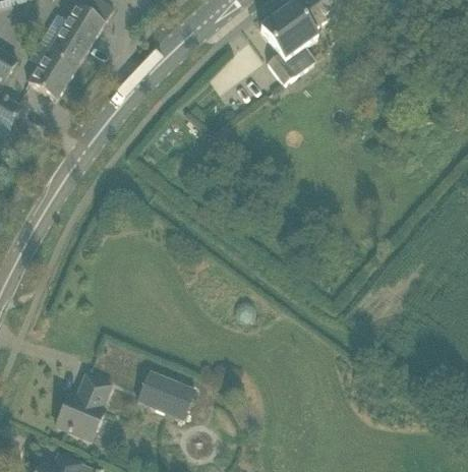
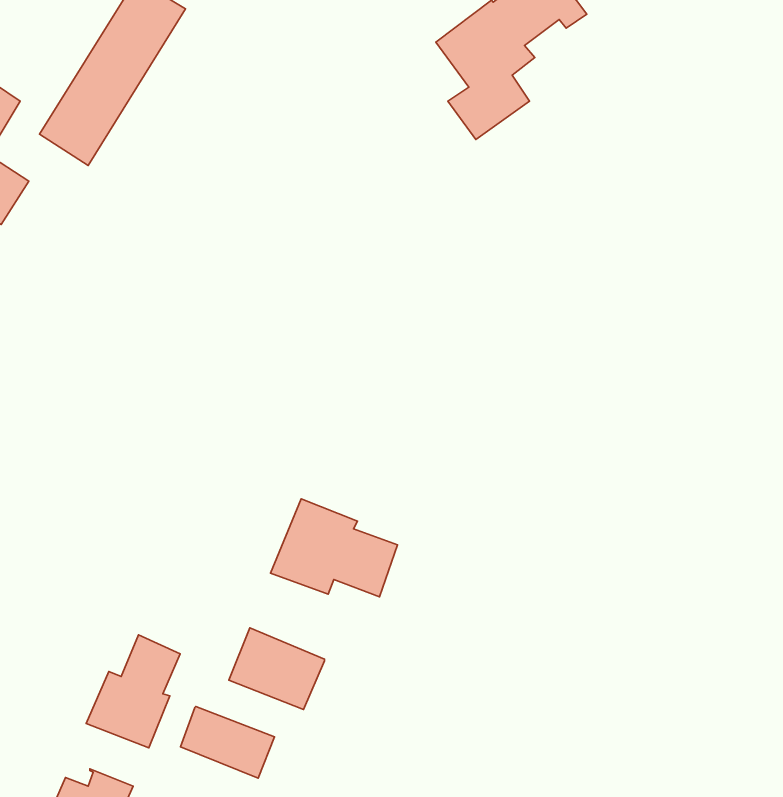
building: none -> [271,499,398,597]
building: none -> [180,707,275,778]

